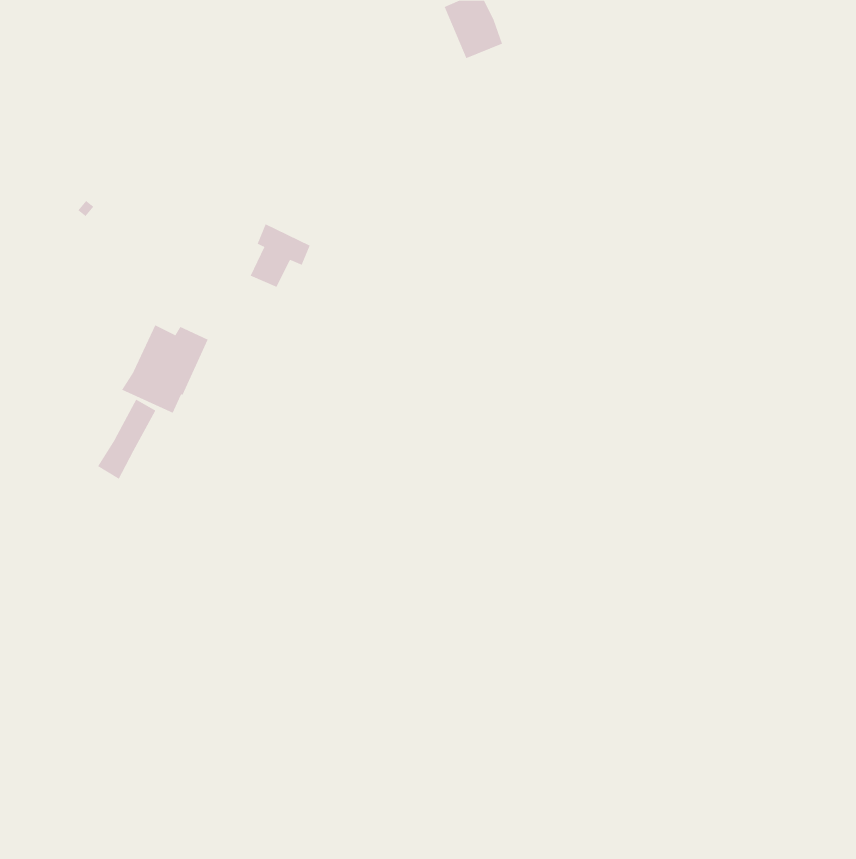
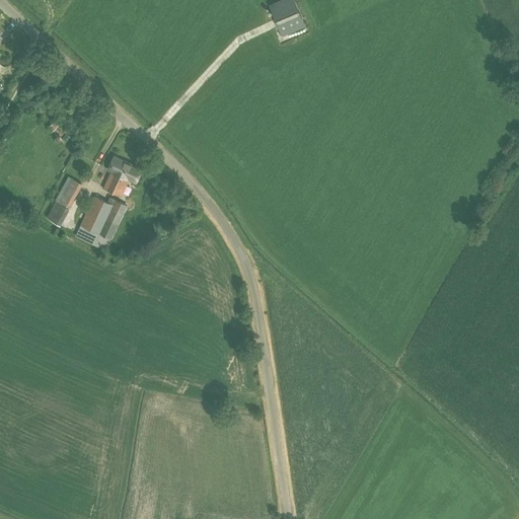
building: [250,224,311,287] -> [102,156,139,195]
building: [97,399,156,479] -> [46,176,81,225]

